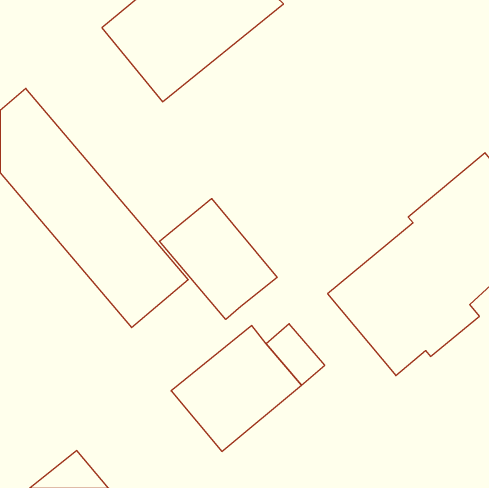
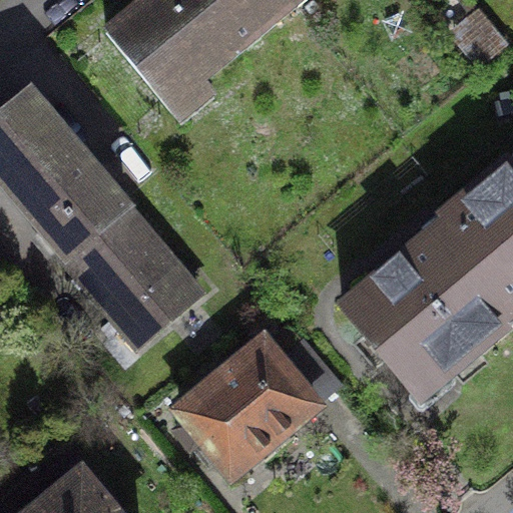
building: [159,199,277,319] -> none

